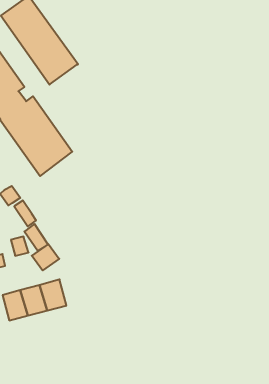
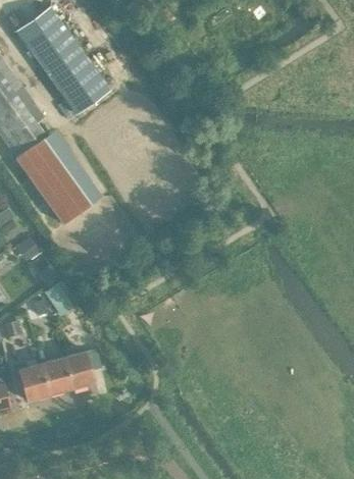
building: [32,244,59,270] -> none

